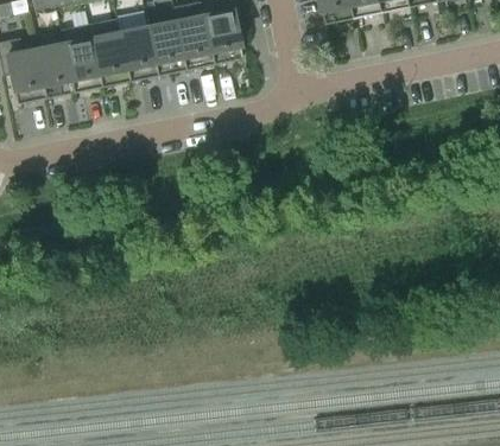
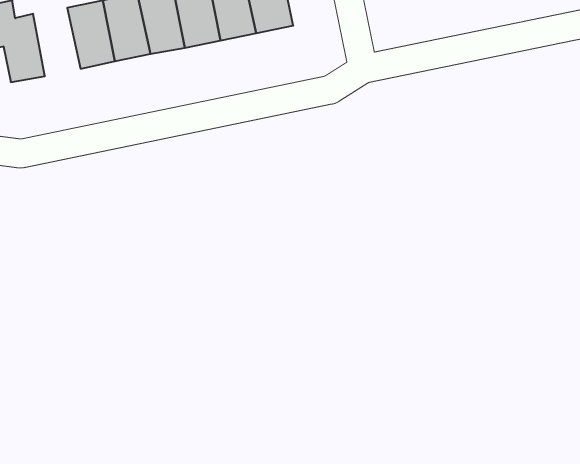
building: [34,42,72,96] -> none

